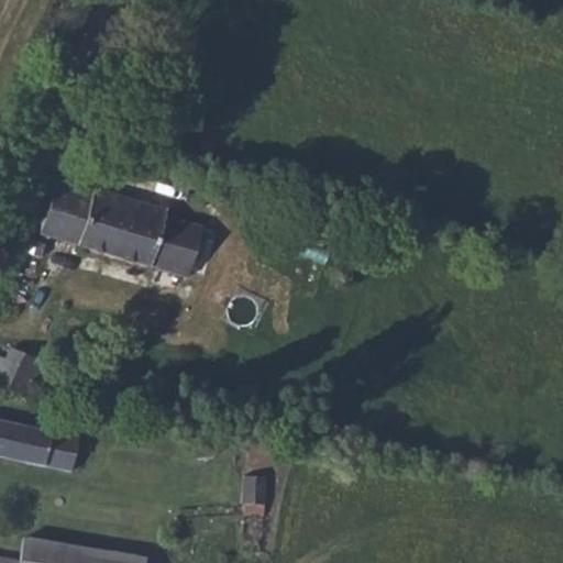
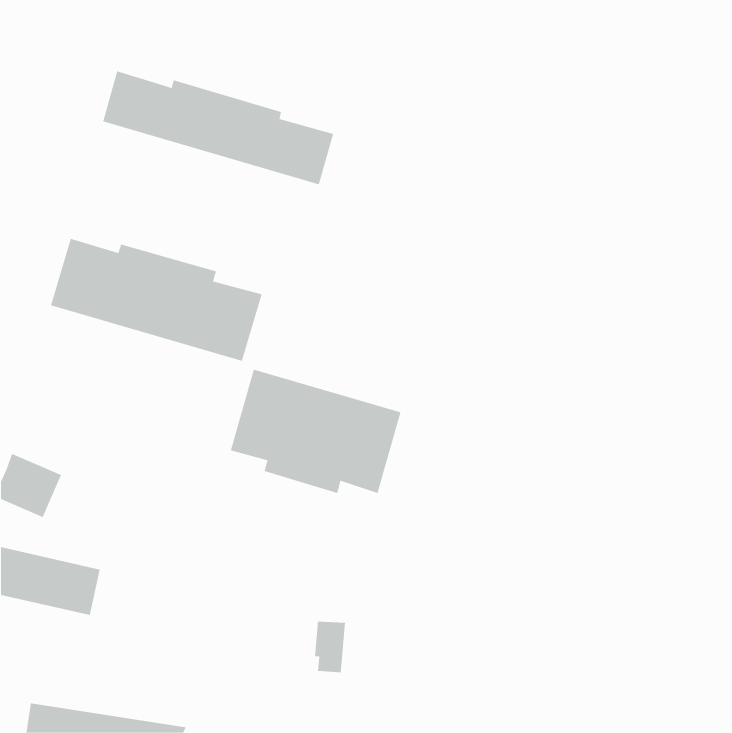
building: none -> [102,70,334,185]
building: none -> [230,369,401,494]

